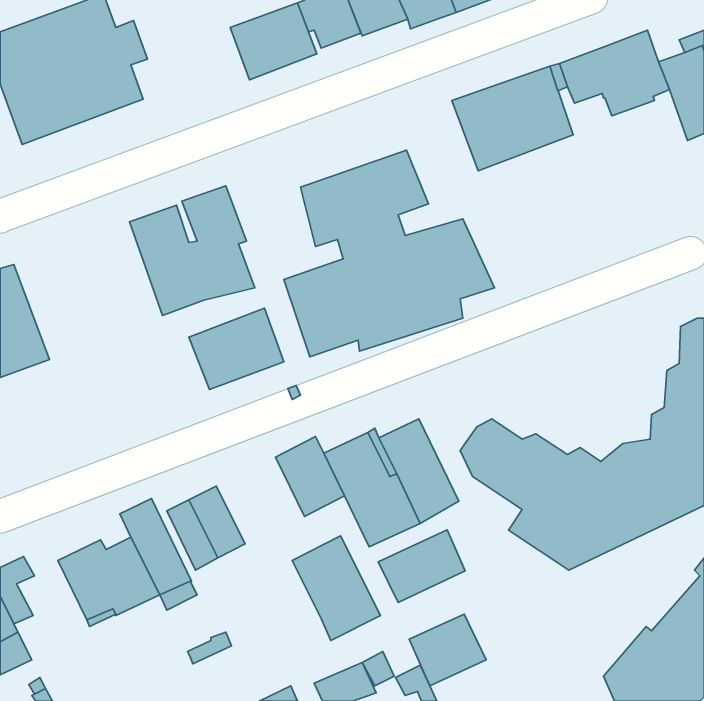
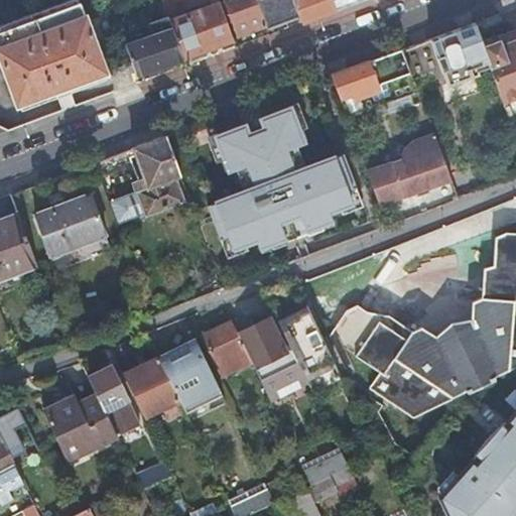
building: none -> [124,16,182,76]
building: none -> [367,135,449,204]
building: [189,308,284,390] -> [33,195,103,254]
building: [378,530,465,602] -> none
building: [292,536,380,640] -> [158,338,223,414]

